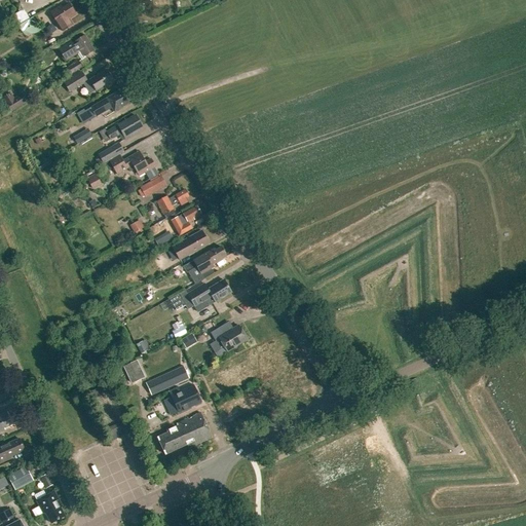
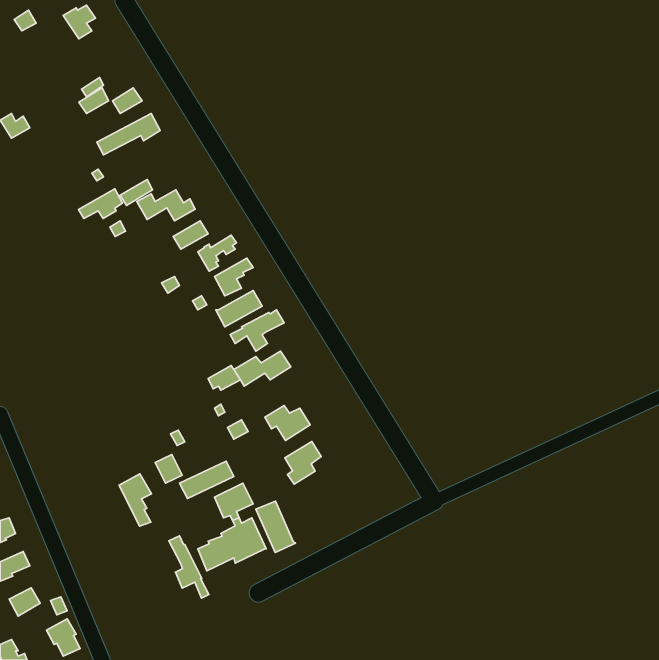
building: [60,35,96,61] -> none
building: [108,115,143,139] -> [79,189,123,219]
building: none -> [285,442,321,484]
building: none -> [119,474,152,526]
building: none -> [256,501,296,553]
building: none -> [169,536,209,598]

